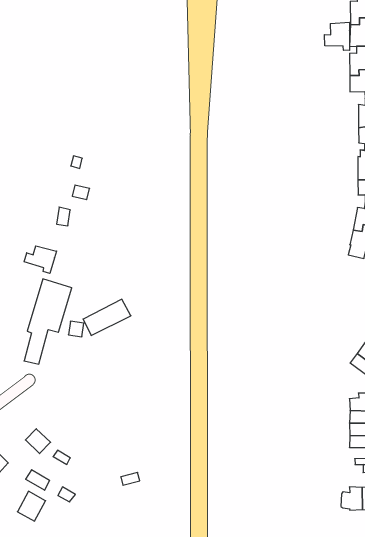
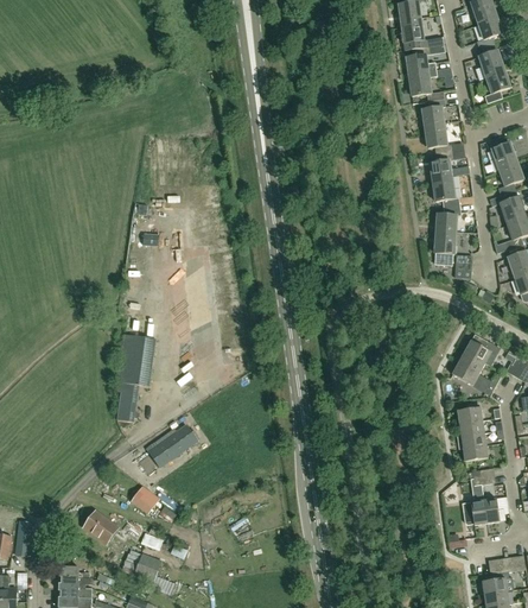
building: [325,22,350,50] -> none
building: [24,246,57,273] -> none
building: [83,299,131,335] -> [148,425,197,467]

